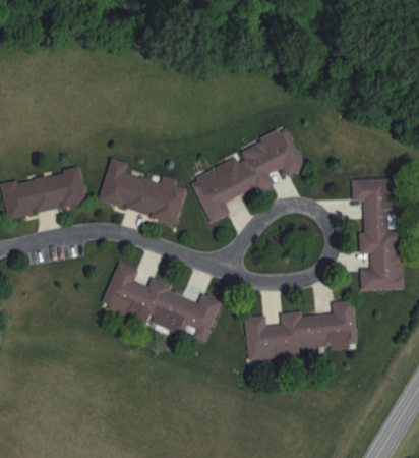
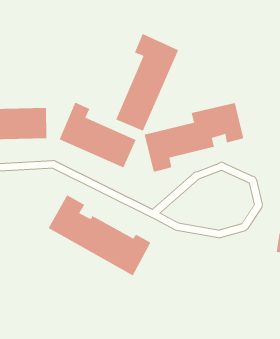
building: none -> [115,33,179,131]
building: [245,301,356,359] -> none

